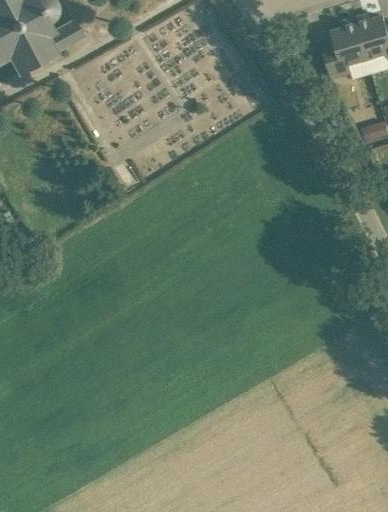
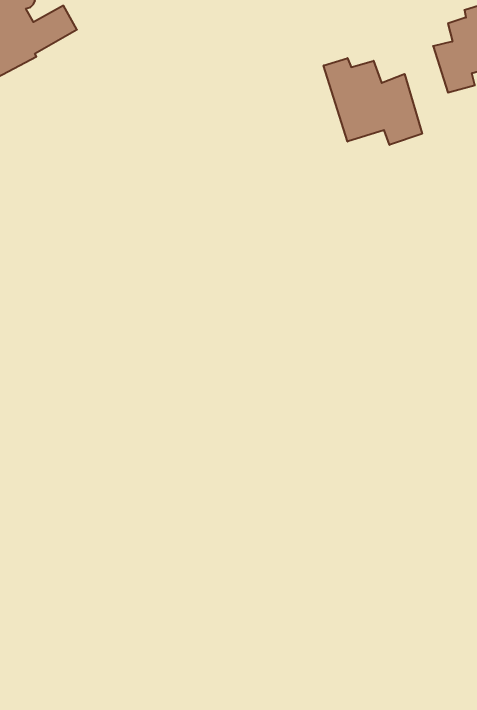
building: none -> [324,58,422,145]

